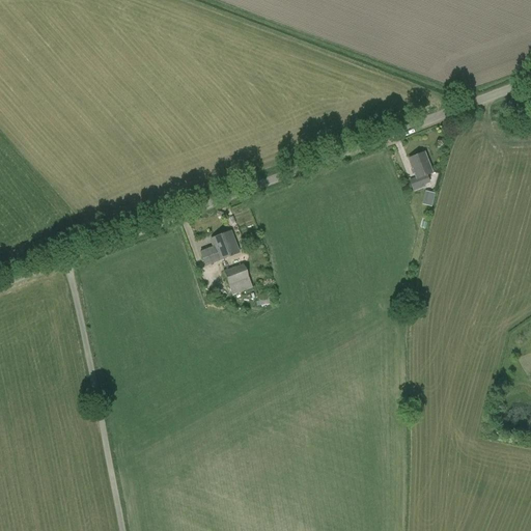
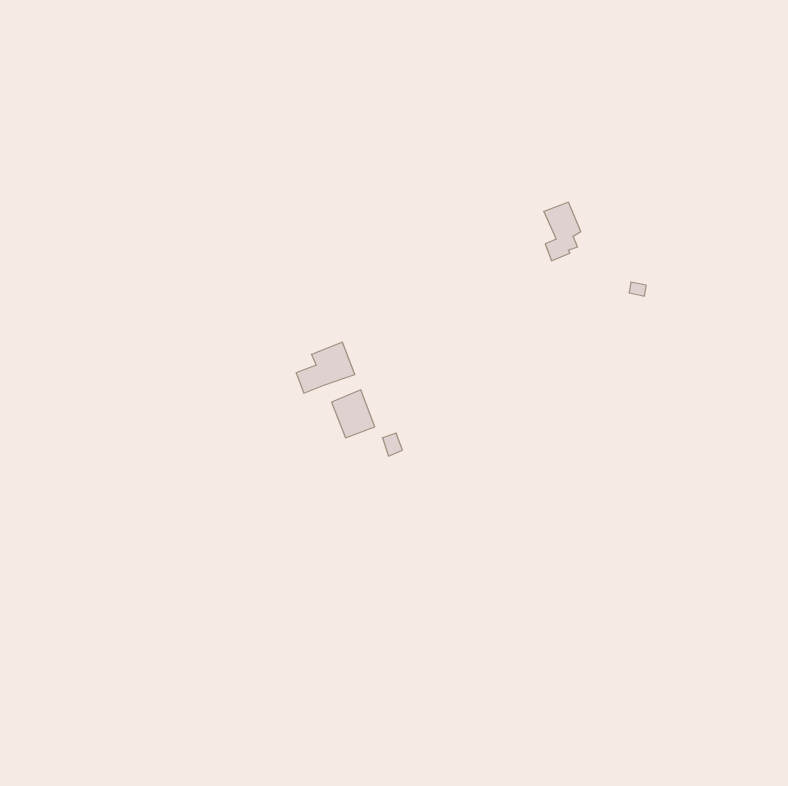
building: [408,151,432,191] -> [544,202,581,261]

